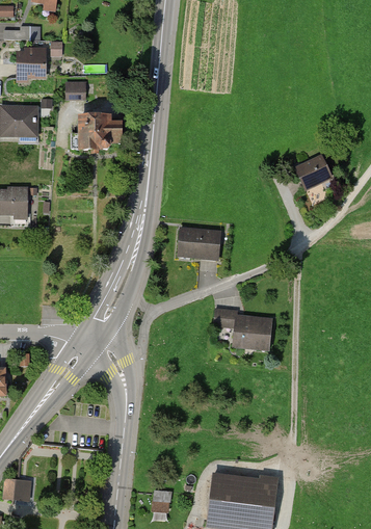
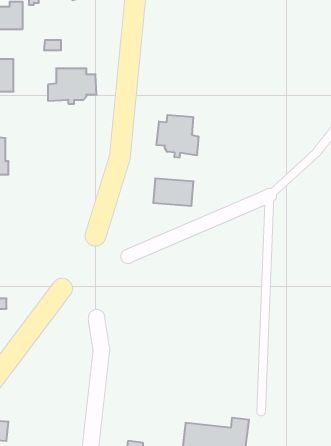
building: [296,159,330,190] -> none
building: none -> [156,115,198,158]
building: [212,308,271,351] -> none

